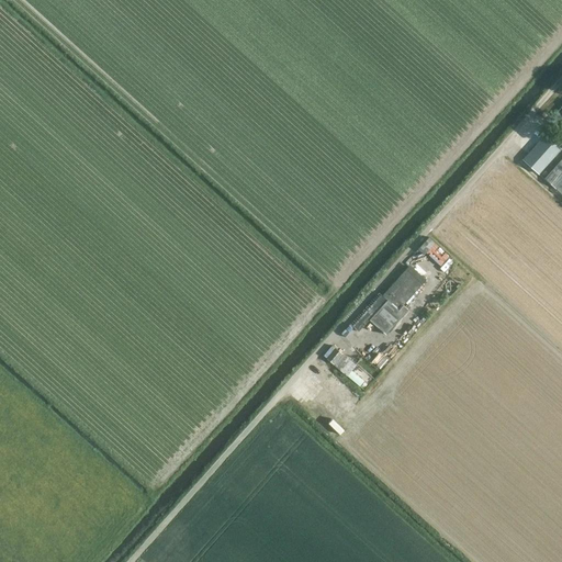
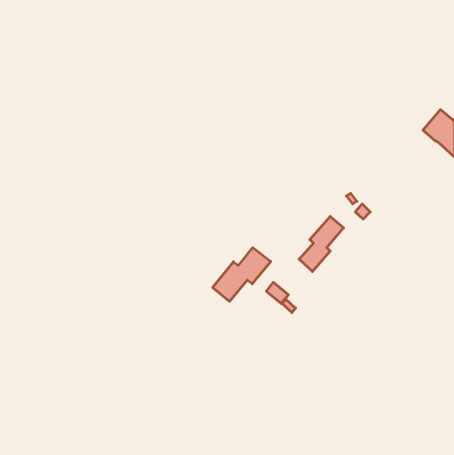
building: none -> [213,248,271,301]

